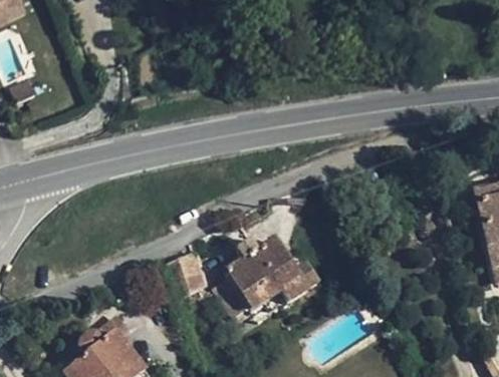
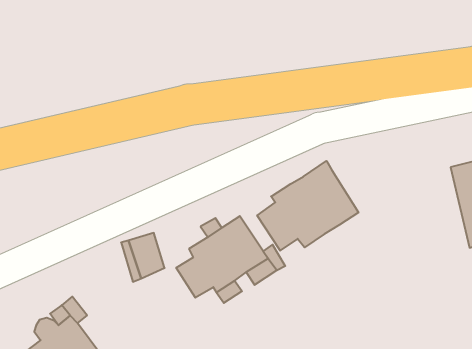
building: none -> [257,161,358,251]

